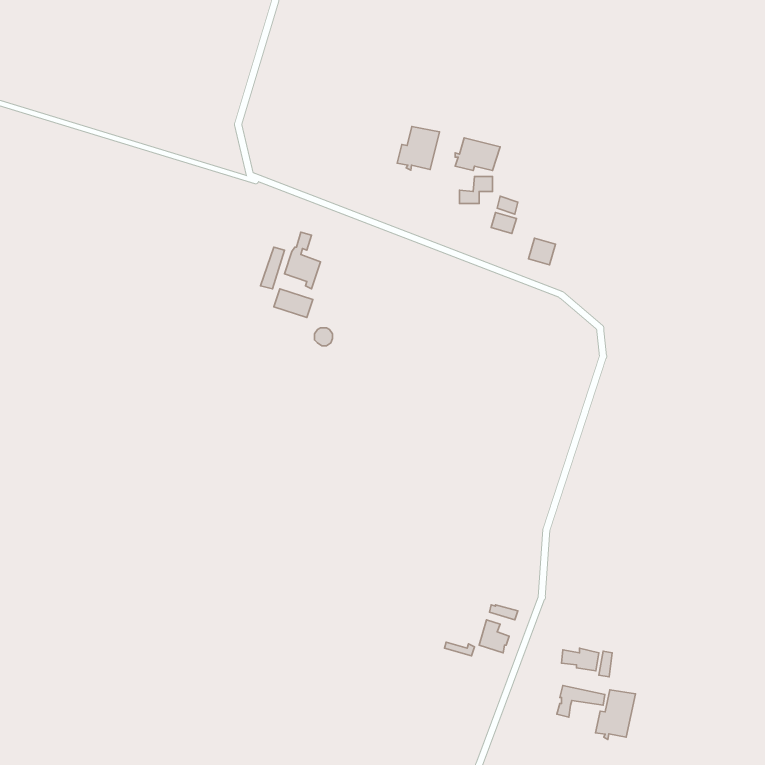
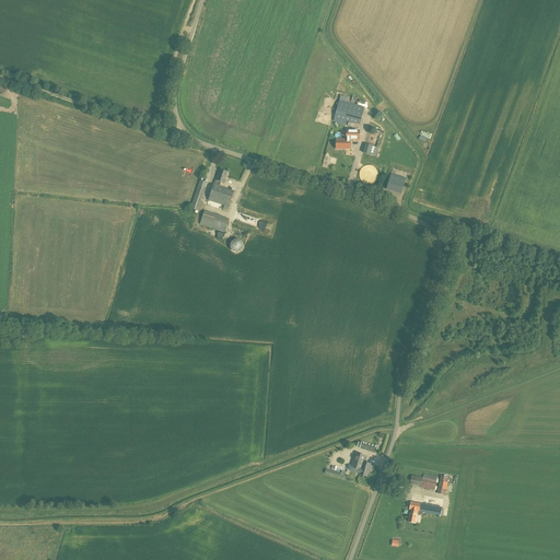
building: [397,127,440,170] -> none
building: [596,690,636,740] -> none

